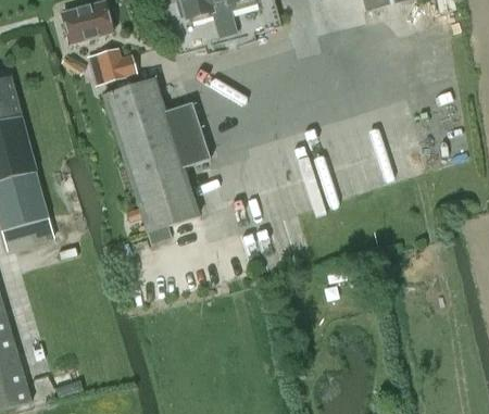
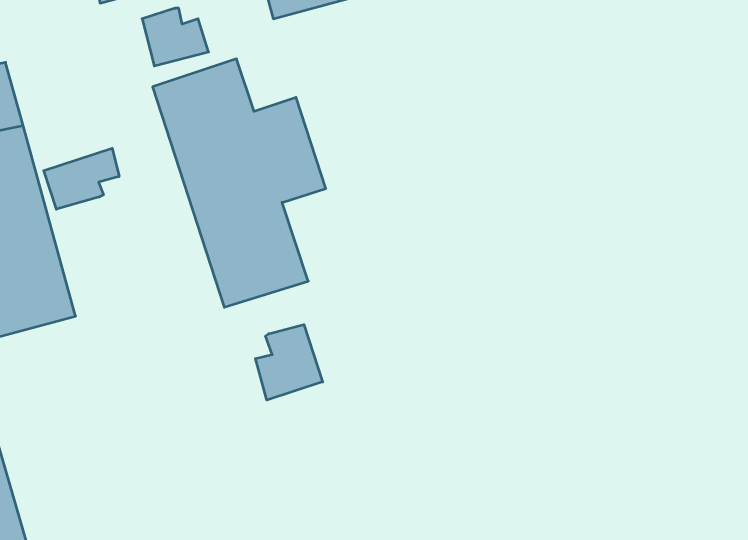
building: none -> [44,148,119,209]
building: none -> [255,325,323,400]

